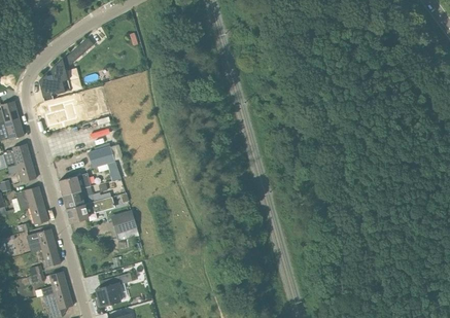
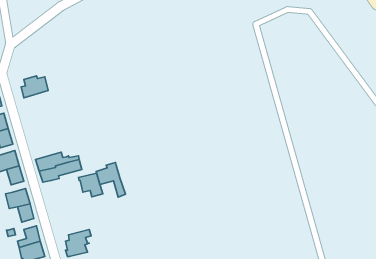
building: [37,35,92,102] -> none
building: [89,142,122,181] -> [96,163,125,197]
building: [59,172,92,196] -> none

